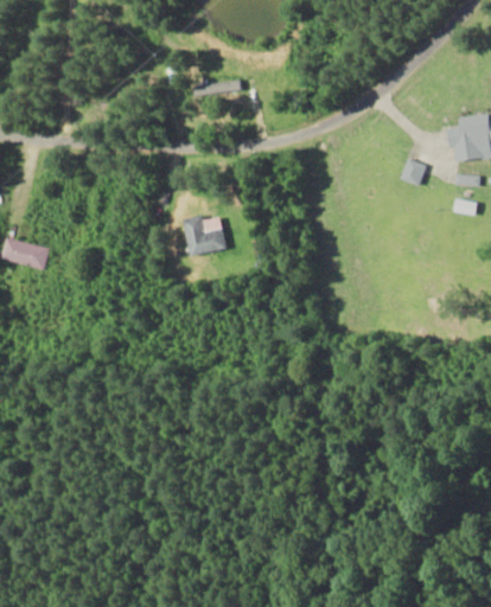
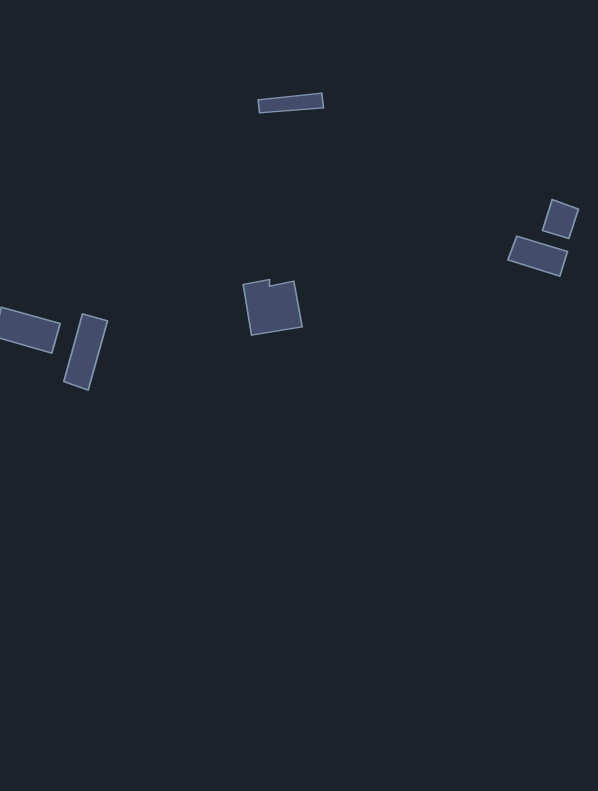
building: none -> [508,236,567,276]
building: none -> [64,314,107,390]

